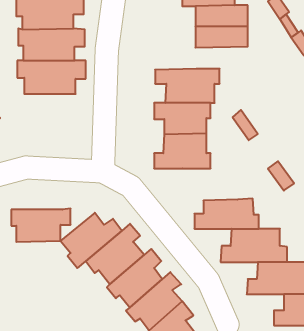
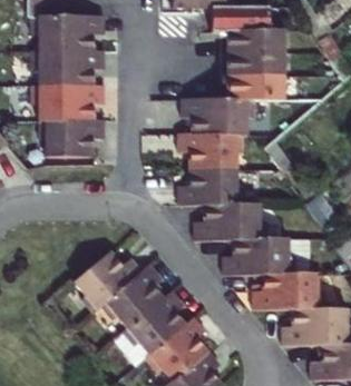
building: none -> [225,69,283,93]
building: none -> [198,202,272,240]
building: [11,209,71,242] -> [36,120,101,157]

